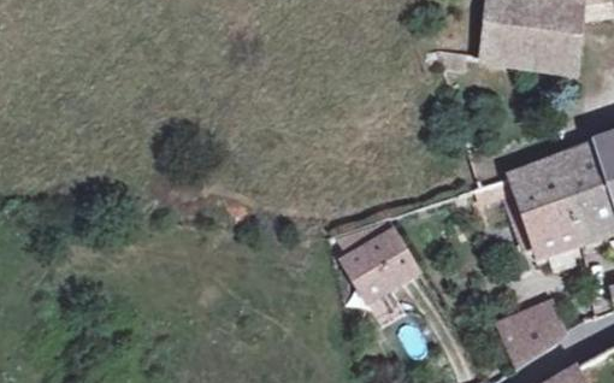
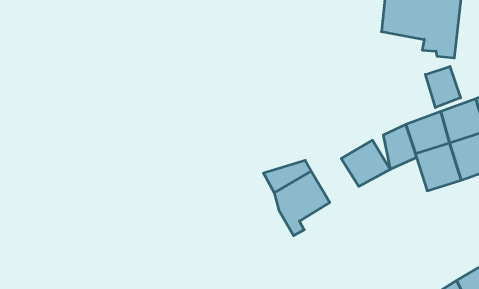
building: none -> [425,66,461,108]
building: none -> [341,140,390,186]
building: [500,300,562,365] -> none

